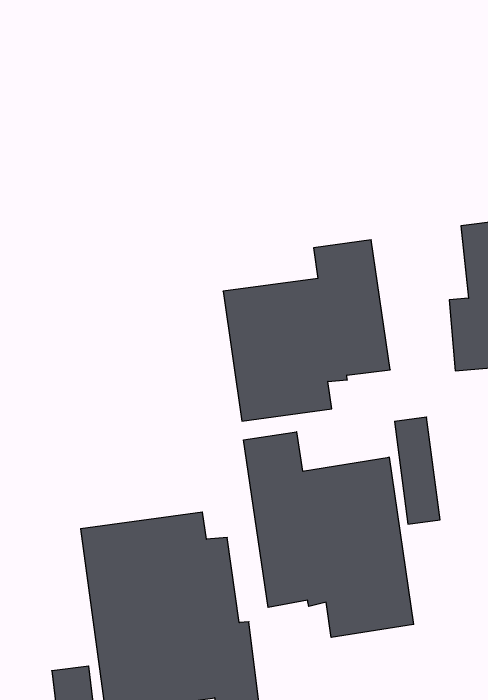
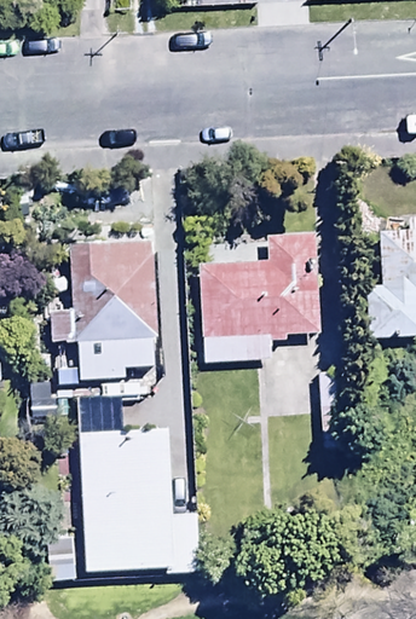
building: none -> [48,238,158,381]
building: [244,432,414,637] -> none

